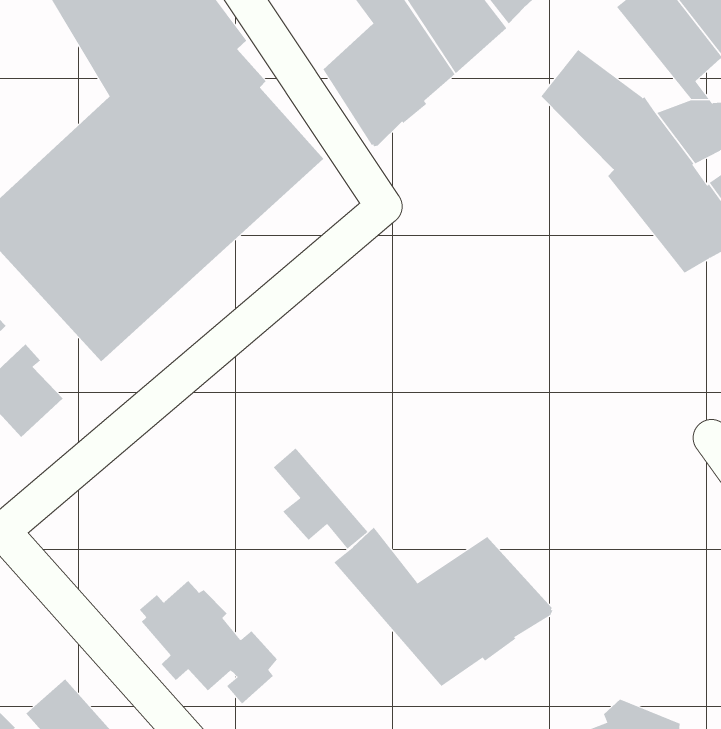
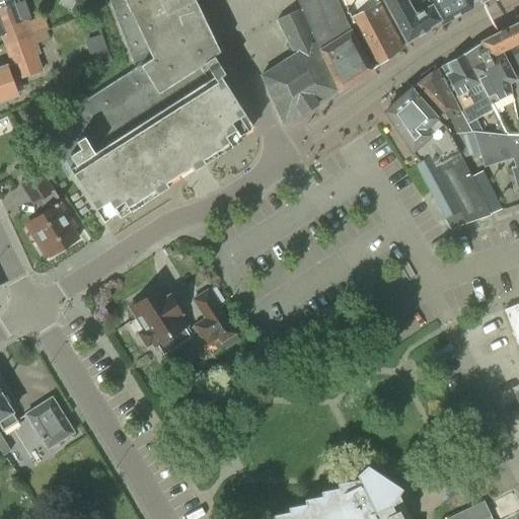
building: none -> [412,68,471,133]
building: [334,527,553,687] -> none
building: [139,580,278,704] -> [132,289,207,366]

